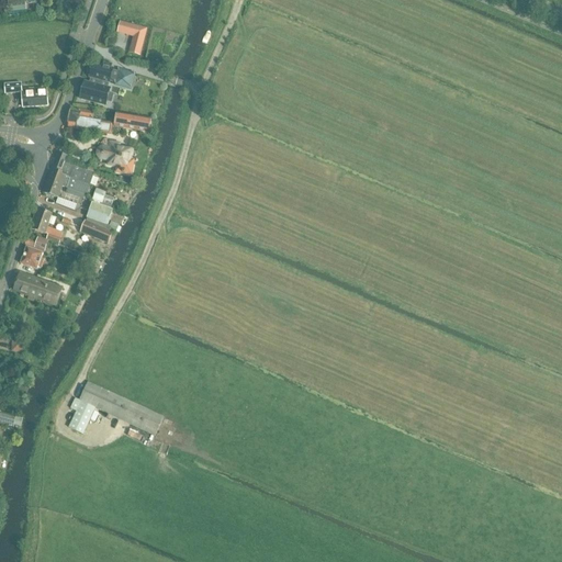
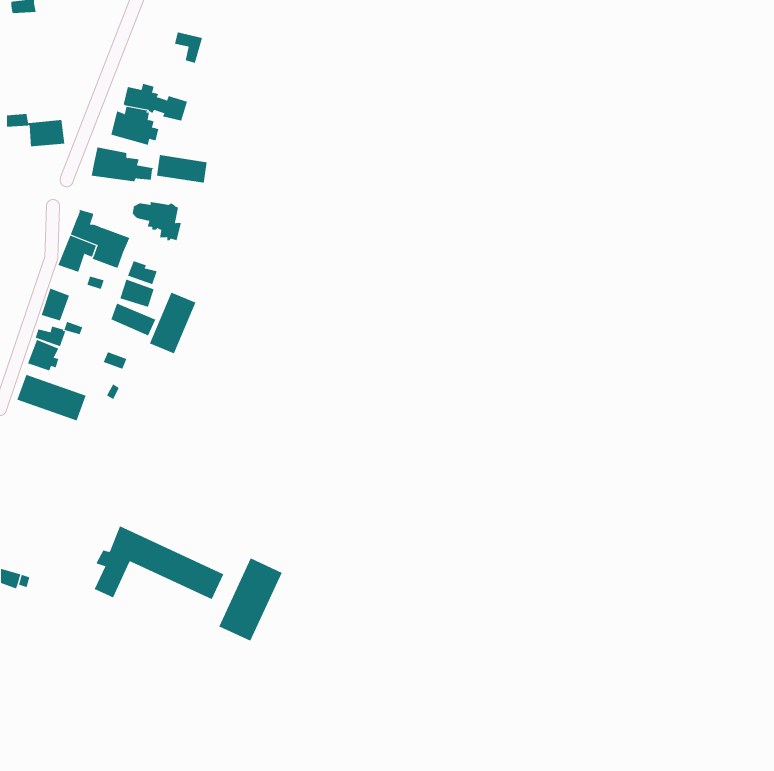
building: none -> [149,292,196,354]
building: none -> [218,558,282,642]

